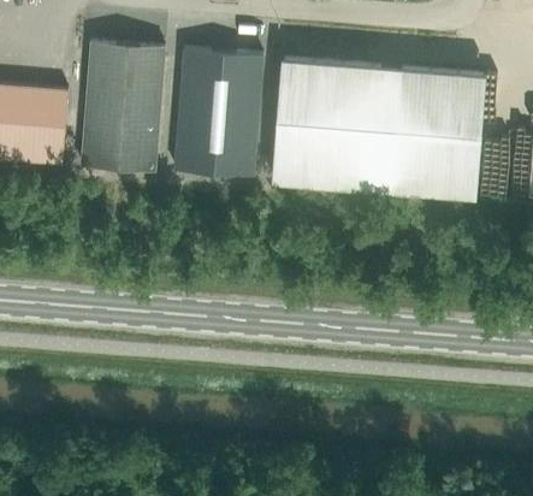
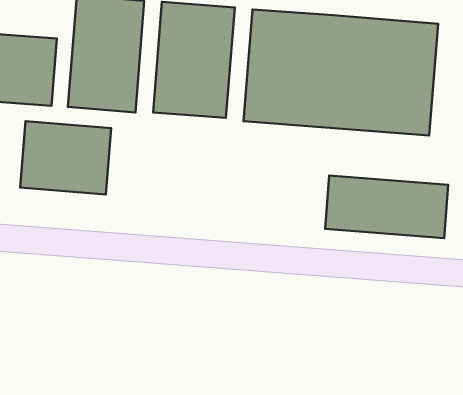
building: none -> [20,121,111,194]
building: none -> [325,176,448,238]

